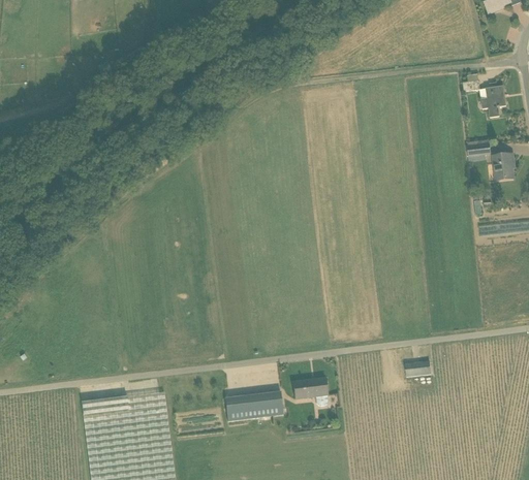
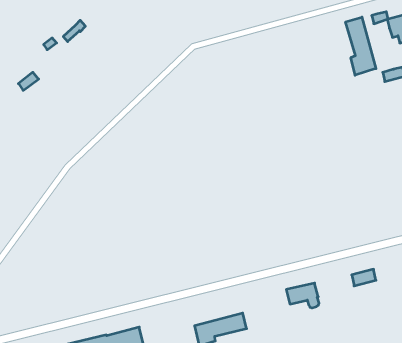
building: none -> [346,17,376,75]
building: [293,378,328,405] -> [286,283,319,308]

